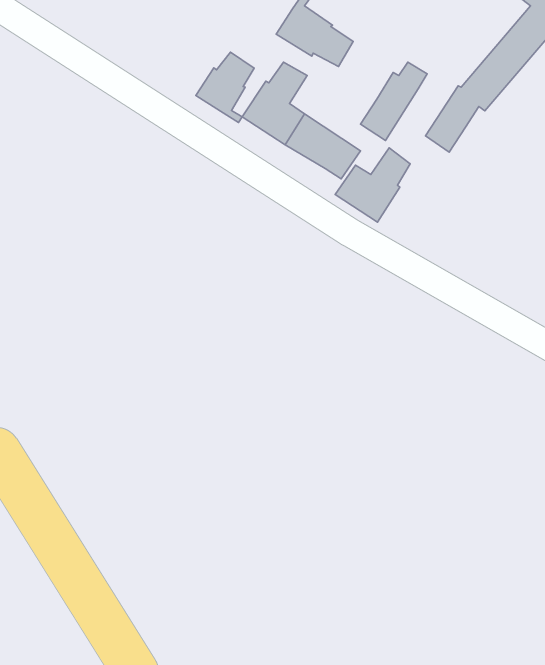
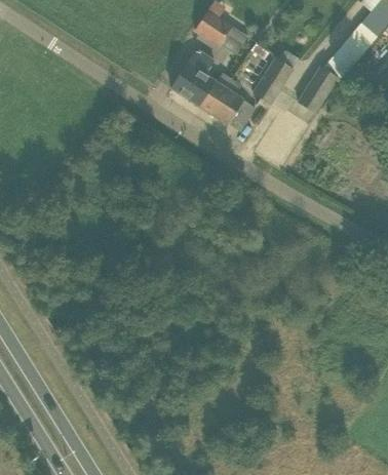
building: [196,52,254,122] -> none
building: [335,148,410,222] -> none

